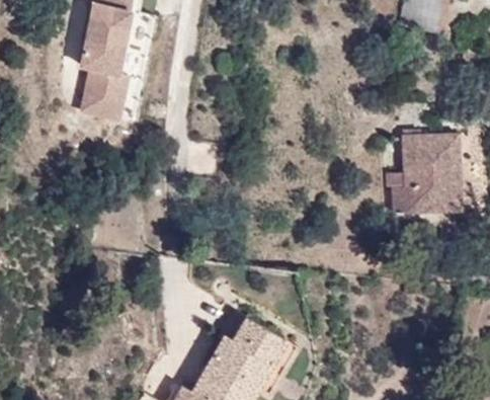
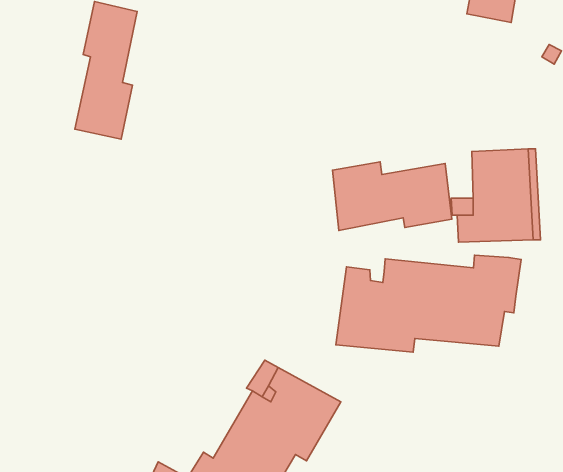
building: none -> [332,162,452,230]
building: none -> [336,255,521,352]

